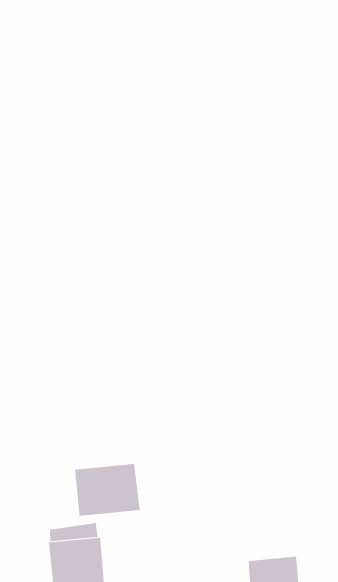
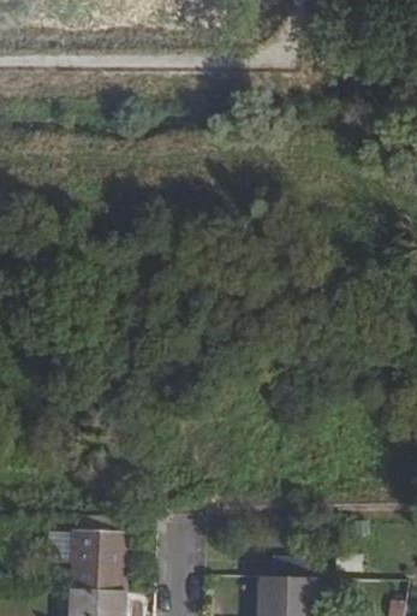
building: [75,463,140,516] -> none

